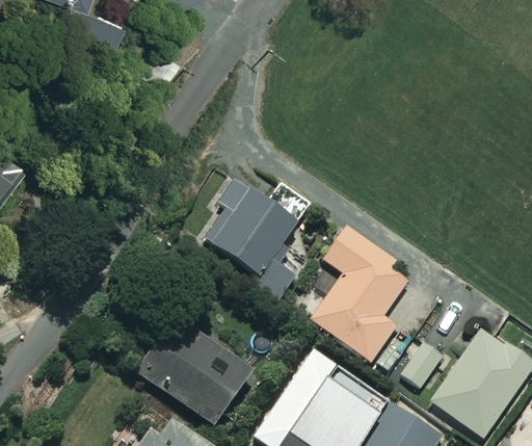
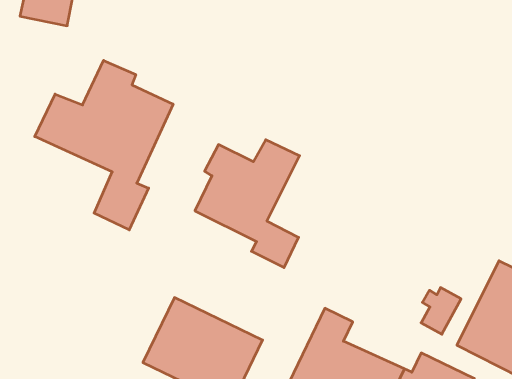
building: none -> [35,60,173,230]
building: [311,226,407,369] -> none

